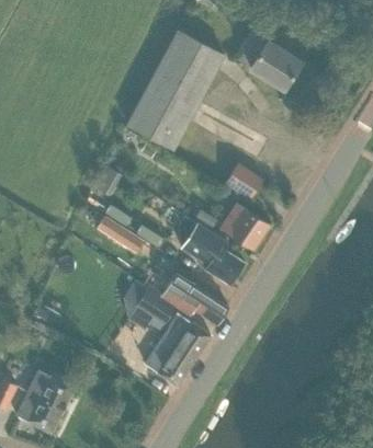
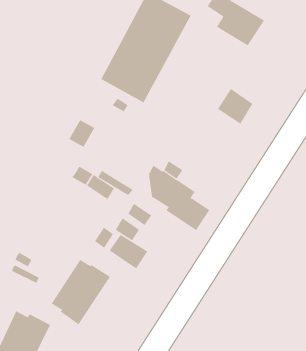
building: [224,162,262,200] -> [217,88,253,124]
building: [221,204,269,249] -> none
building: [176,283,227,323] -> none
building: [146,315,210,386] -> [51,259,111,325]

